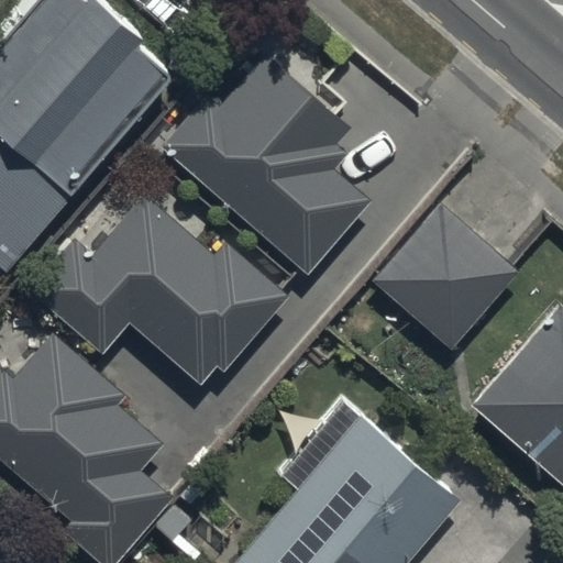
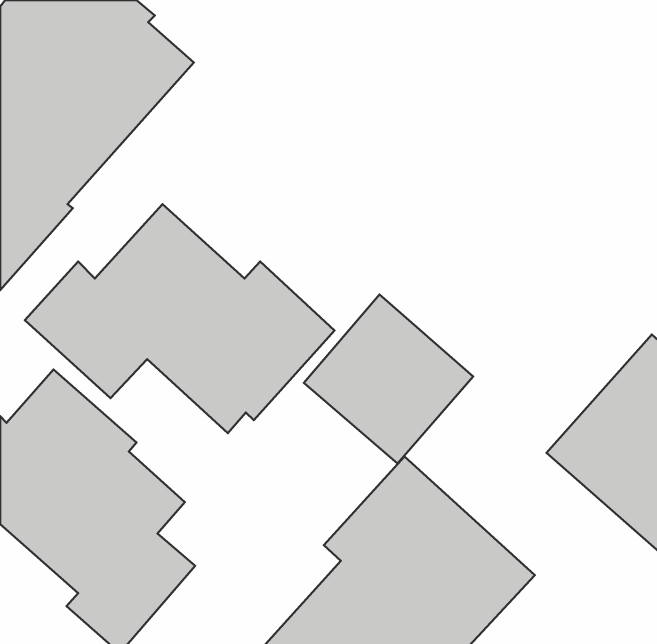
building: [159,49,373,275] -> none
building: [374,203,517,346] -> [304,295,473,464]

